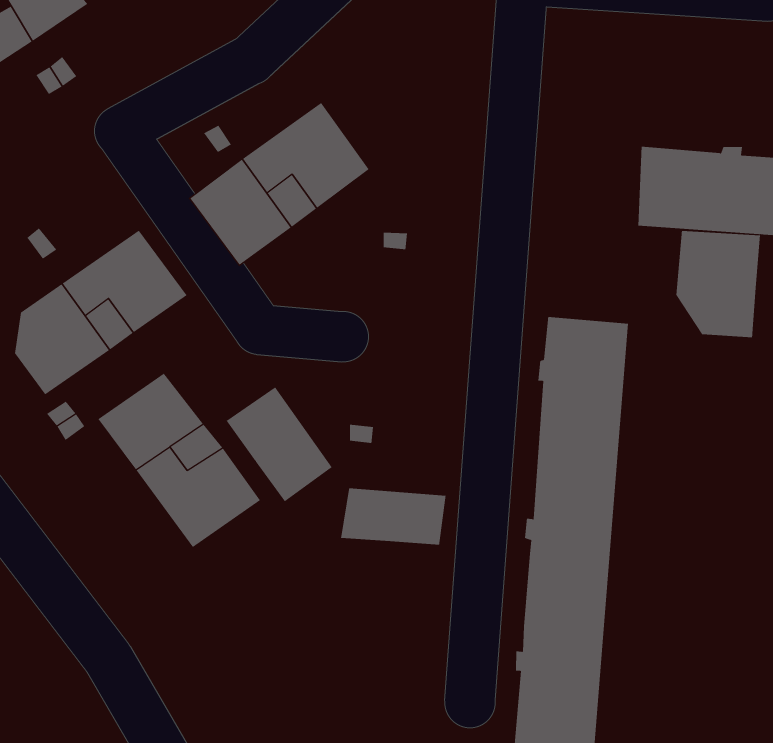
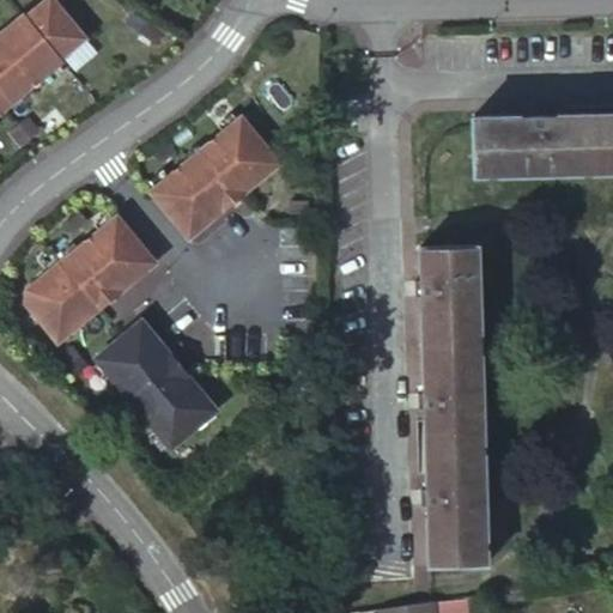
building: [676,230,761,338] -> none
building: [226,387,333,502] -> none
building: [340,487,446,545] -> none

